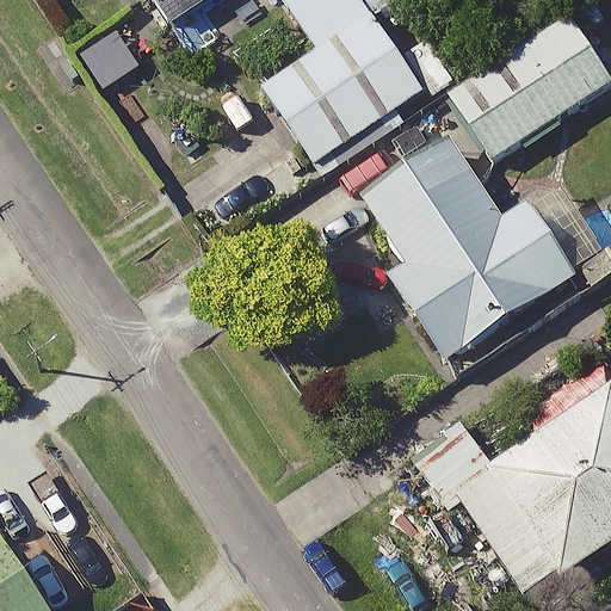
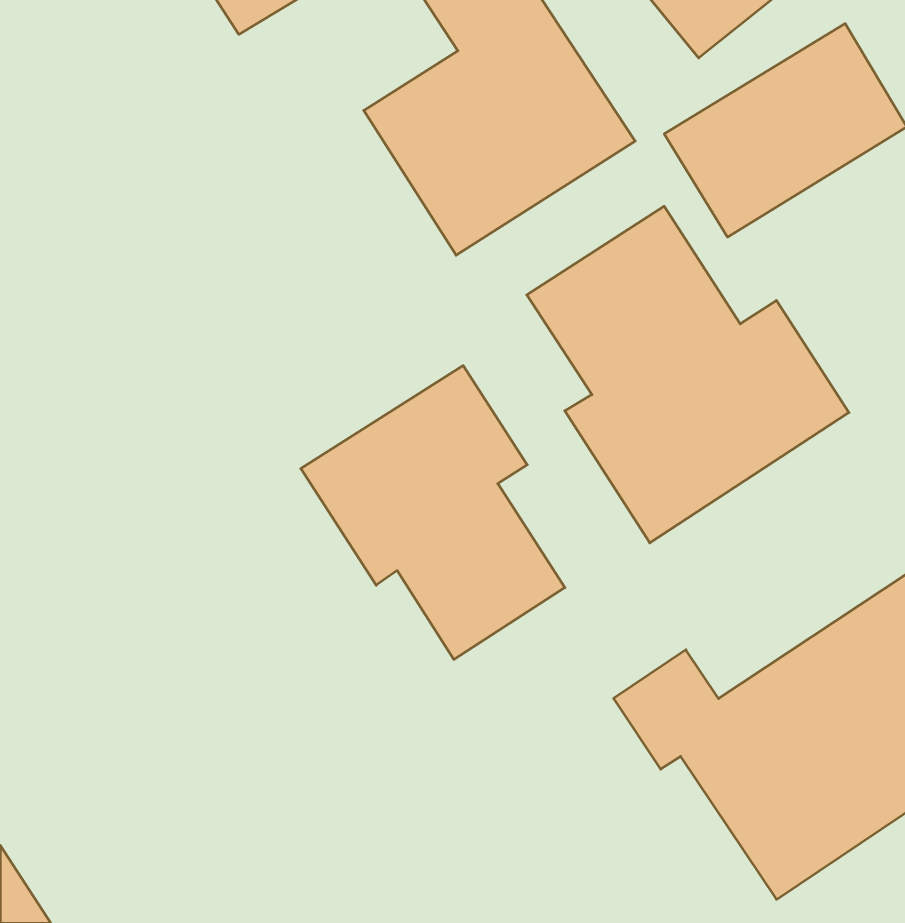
building: none -> [301,366,565,659]

